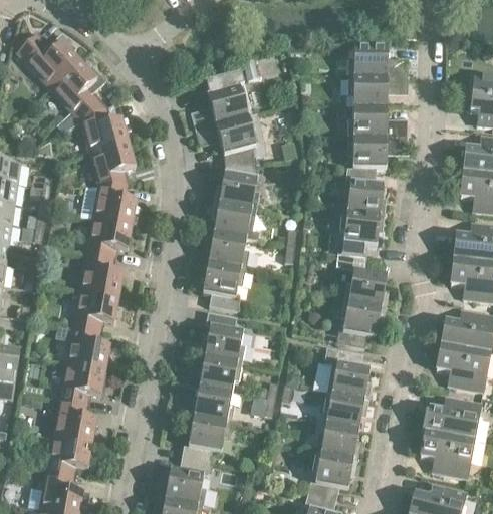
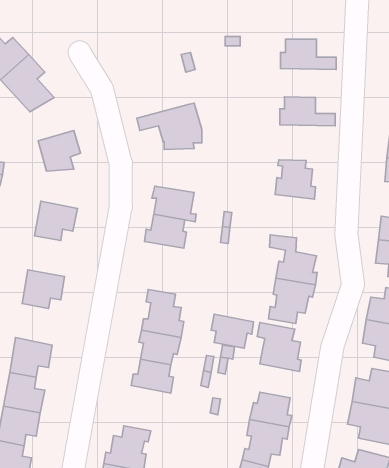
building: [191,73,251,131] -> none
building: [348,77,408,108] -> none
building: [80,108,128,155] -> none
building: [346,138,407,176] -> none
building: [214,163,259,210] -> none
building: [92,185,136,227] -> none
building: [337,212,385,258] -> none
building: [78,256,122,299] -> none
building: [201,262,245,312] -> none
building: [65,328,109,372] -> none
building: [323,393,368,429] -> [211,314,254,348]
building: [181,416,231,464] -> none

